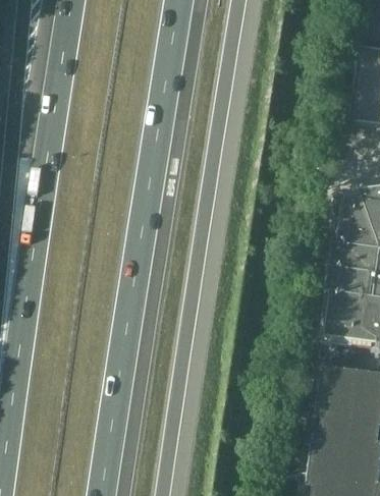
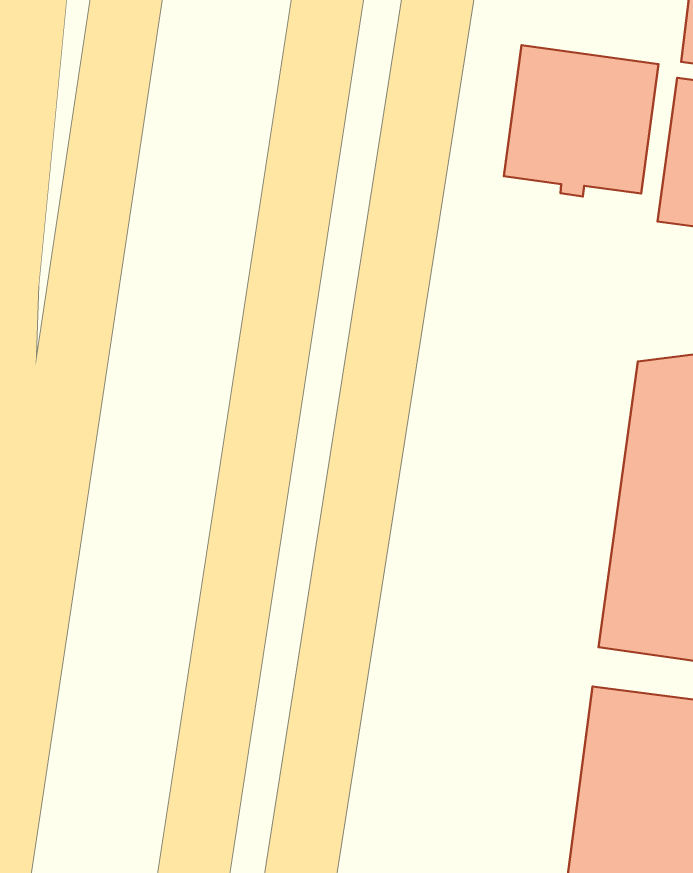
building: none -> [504,45,659,196]

